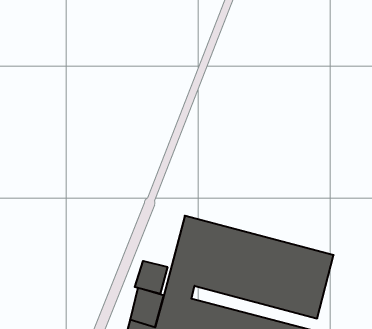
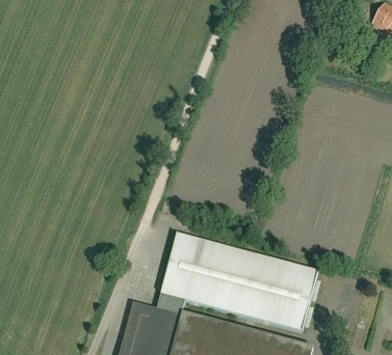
building: [135,261,167,294] -> none

